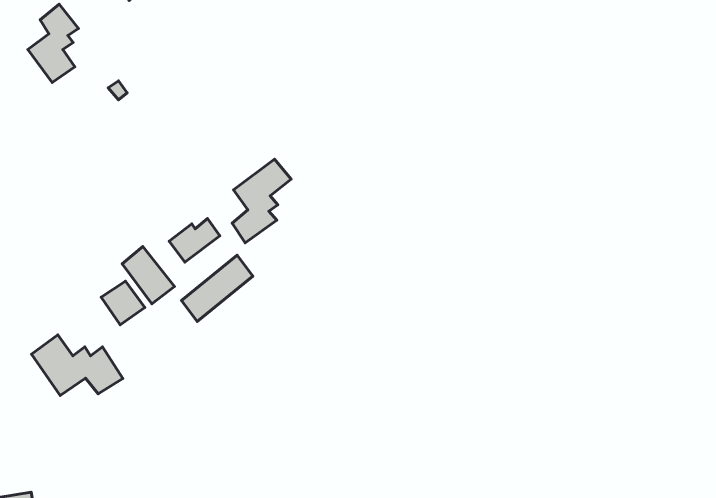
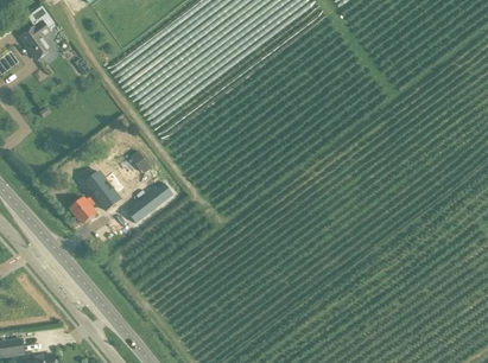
building: [232,159,291,243] -> none
building: [32,335,123,395] -> none

